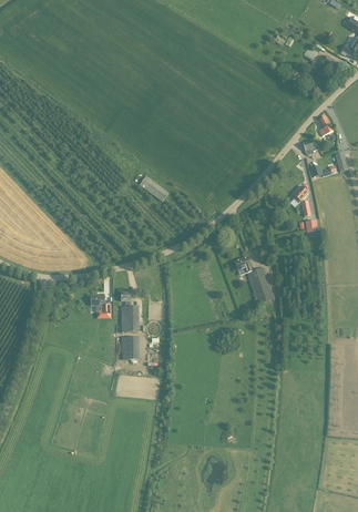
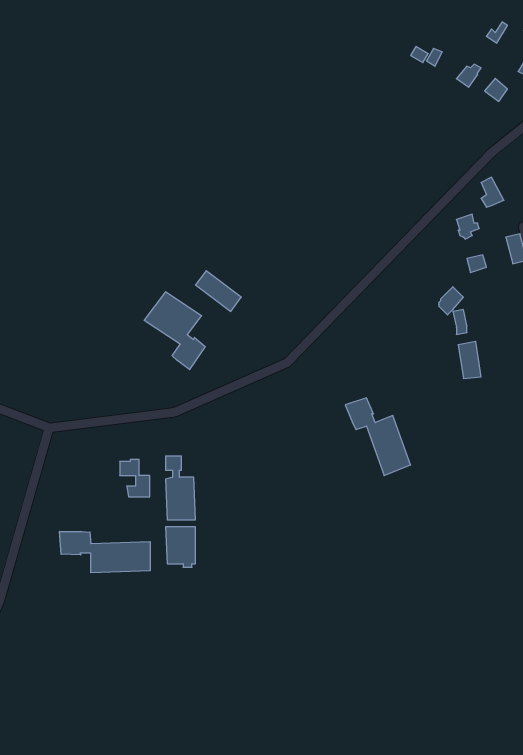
building: none -> [144,292,205,370]
building: none -> [60,531,150,573]

